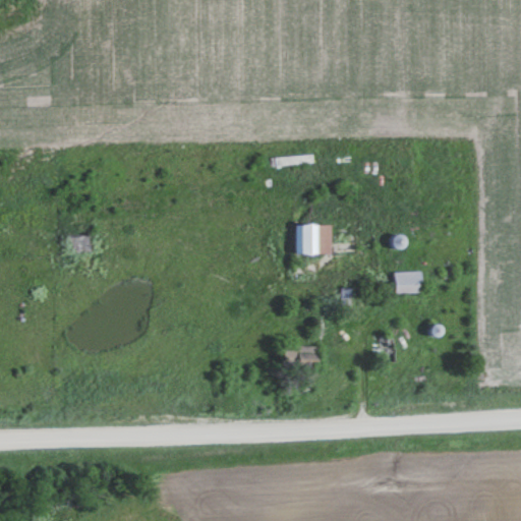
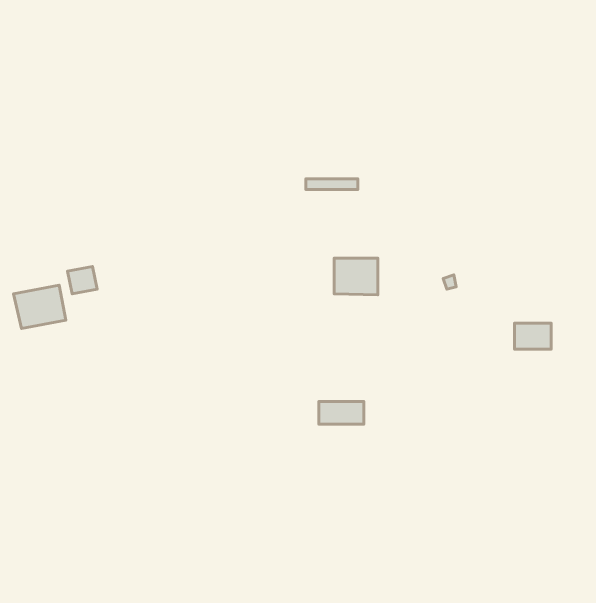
building: none -> [13,285,66,329]
building: [393,272,424,294] -> [514,323,551,349]

